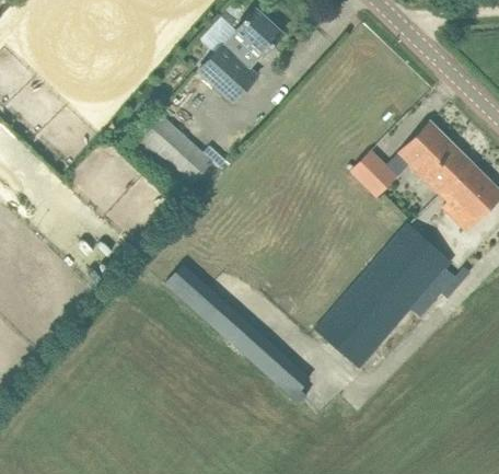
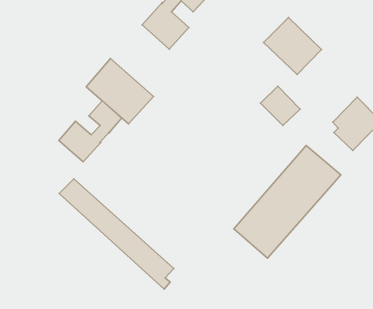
building: [398,122,472,194] -> [264,18,321,74]
building: none -> [59,101,121,162]
building: [165,264,311,404] -> [59,179,174,289]

